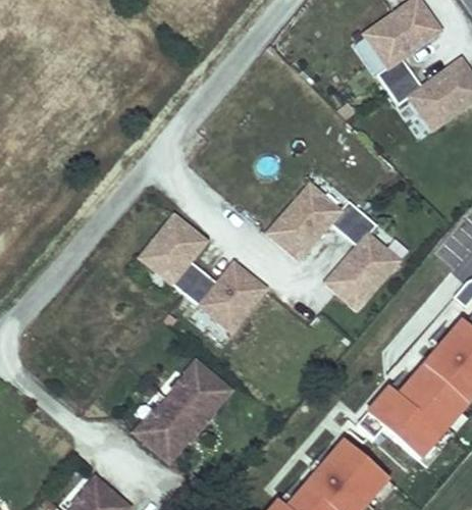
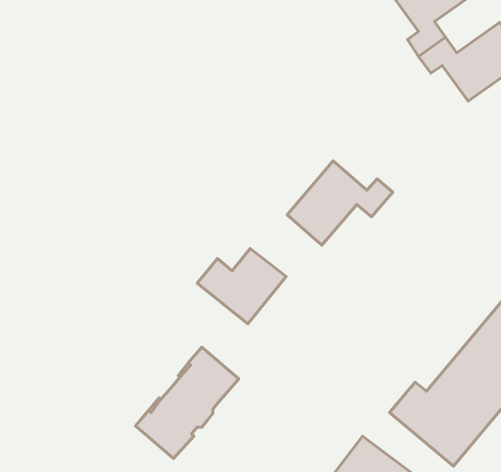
building: [328,214,402,312] -> none
building: [143,217,209,297] -> none

